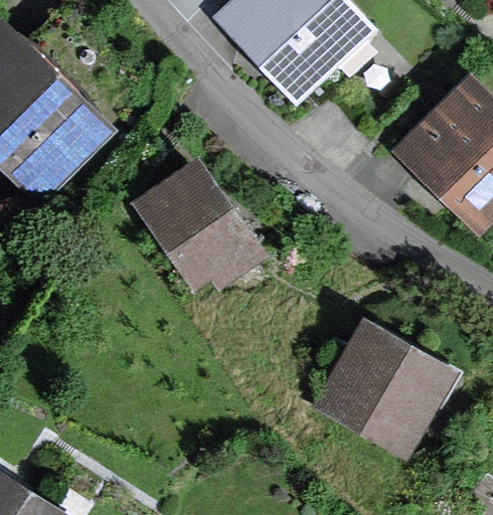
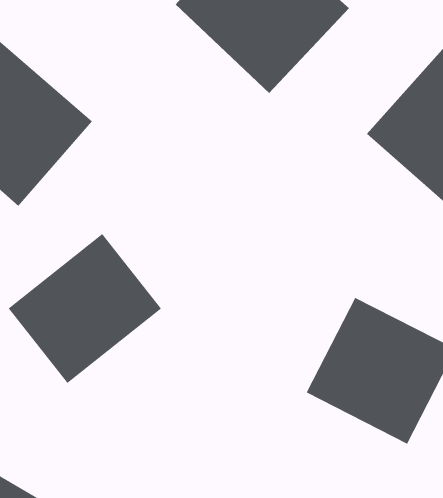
building: [132,156,271,294] -> none
building: none -> [8,233,162,384]

